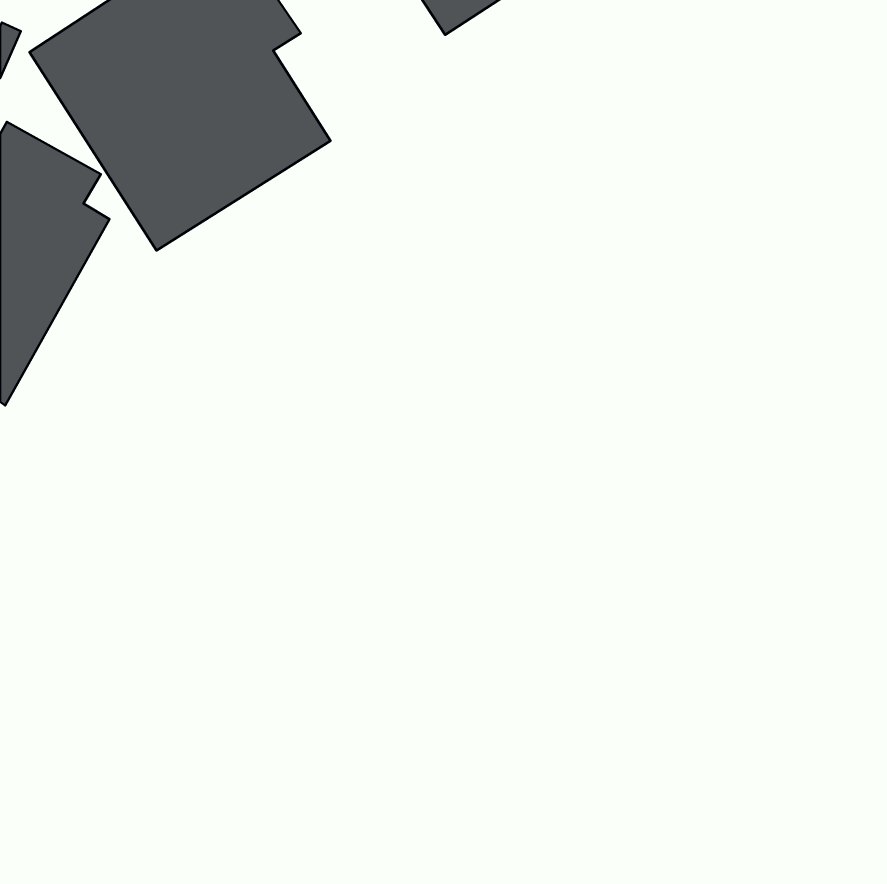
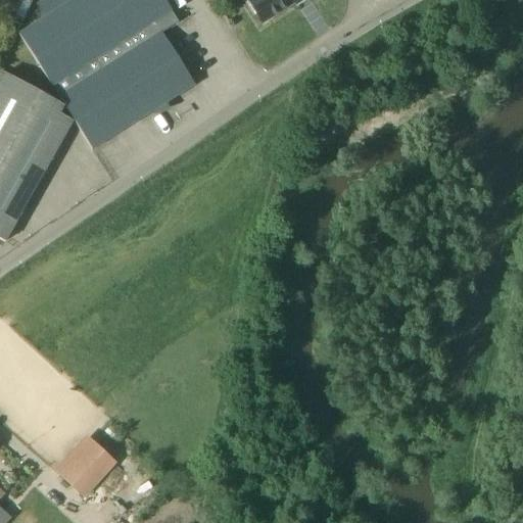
building: none -> [54,433,116,496]

